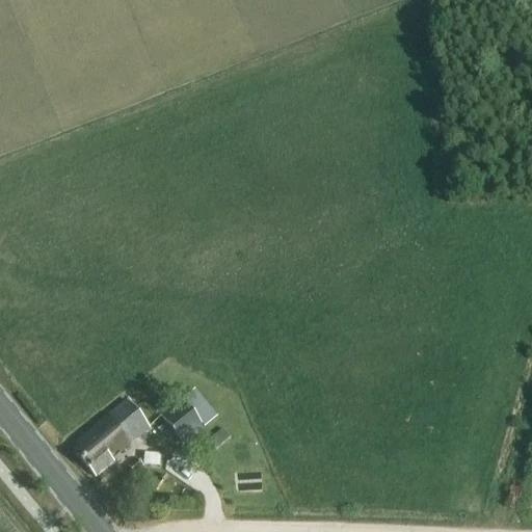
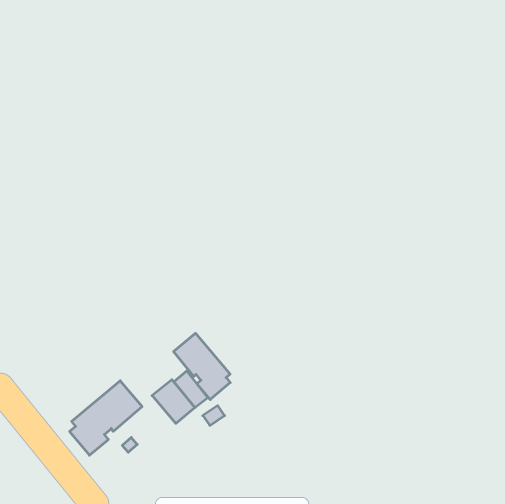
building: none -> [174,333,230,400]

